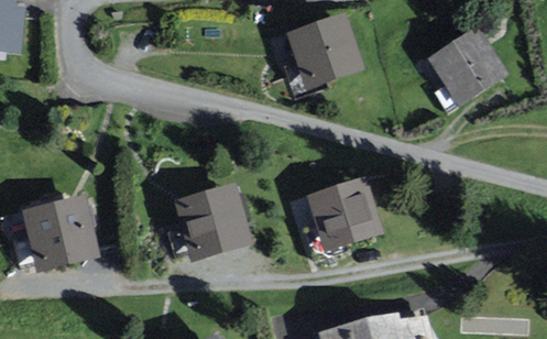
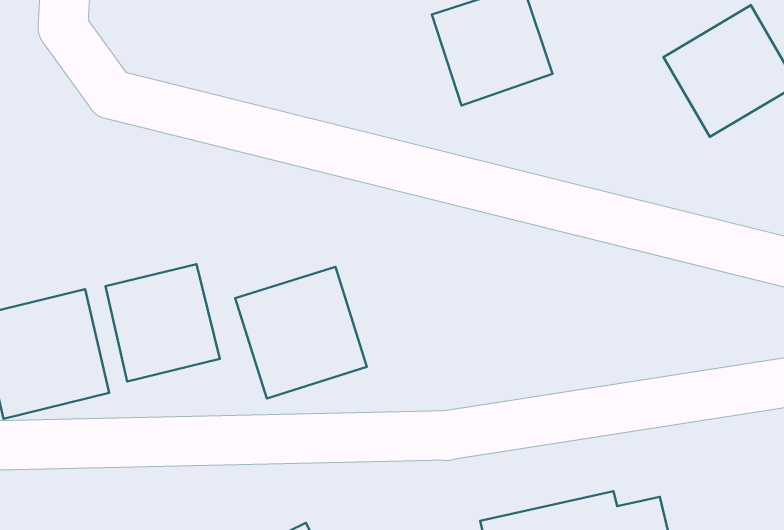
building: [305,175,383,251] -> none
building: none -> [106,264,220,381]

